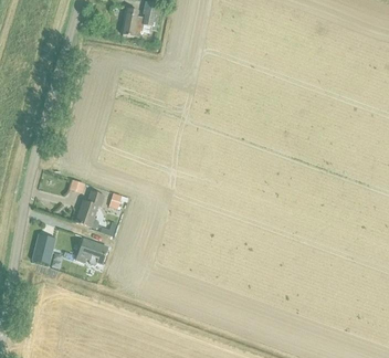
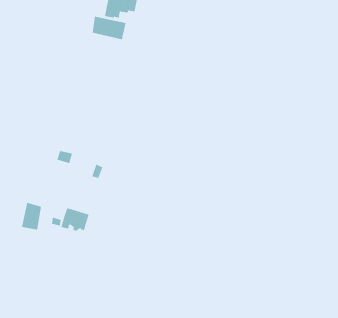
building: none -> [92,16,126,40]
building: [74,190,103,228] -> none

